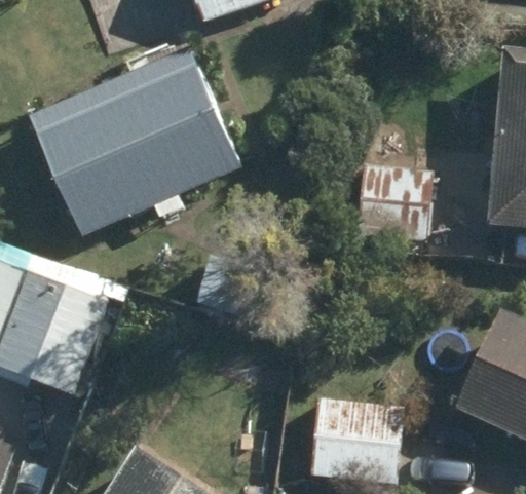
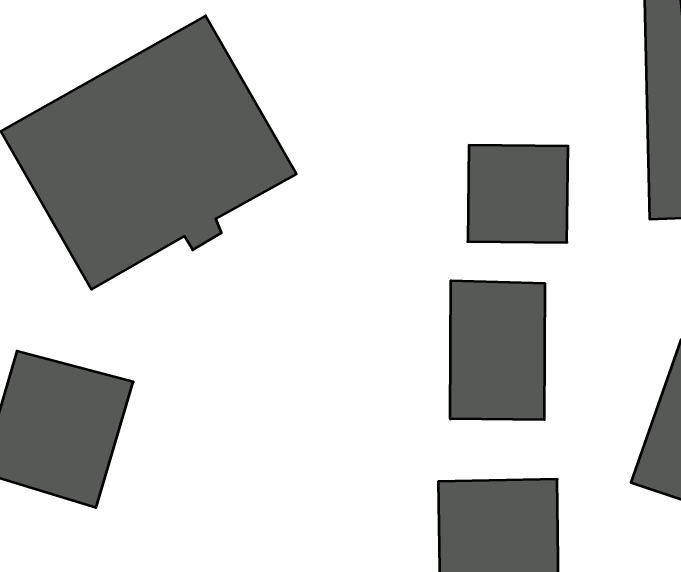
building: none -> [450,281,545,420]

